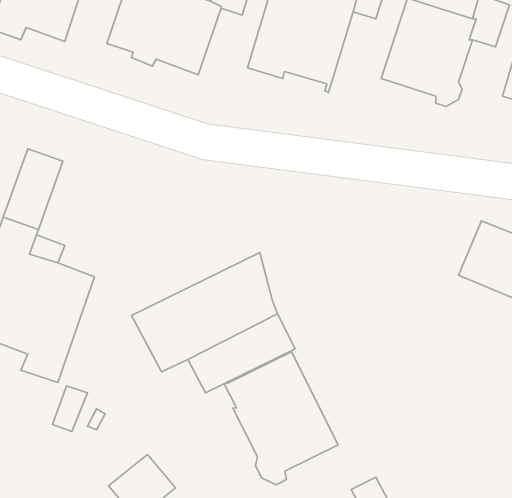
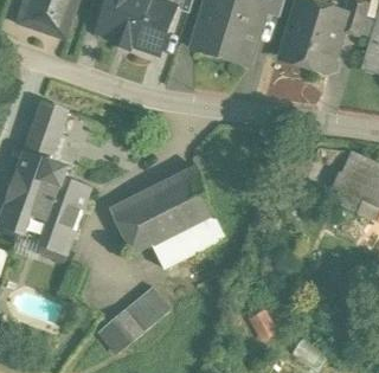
building: [224,352,338,485] -> none
building: none -> [123,287,167,330]

